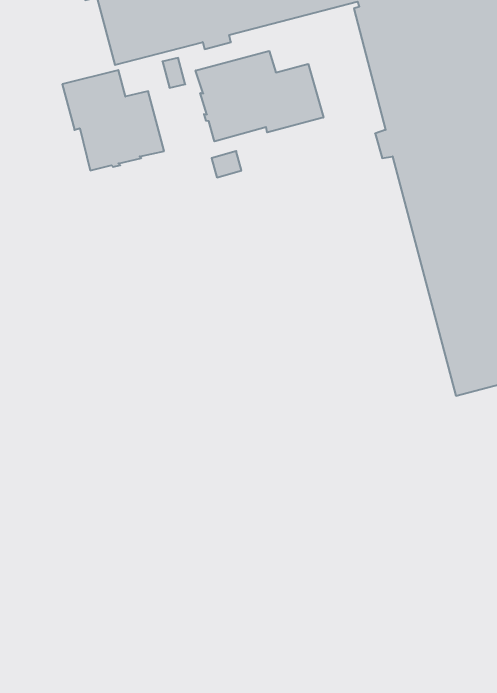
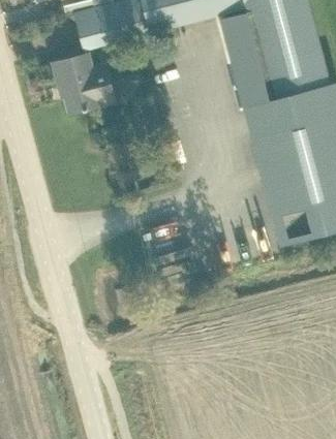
building: [196,51,323,141] -> none

